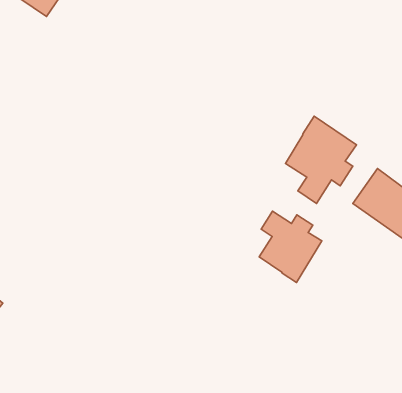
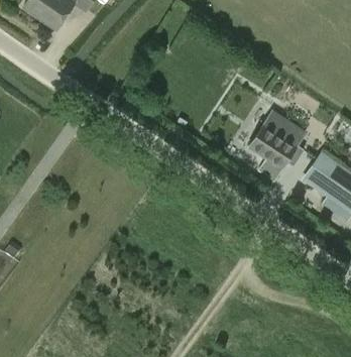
building: [259,211,322,282] -> none

